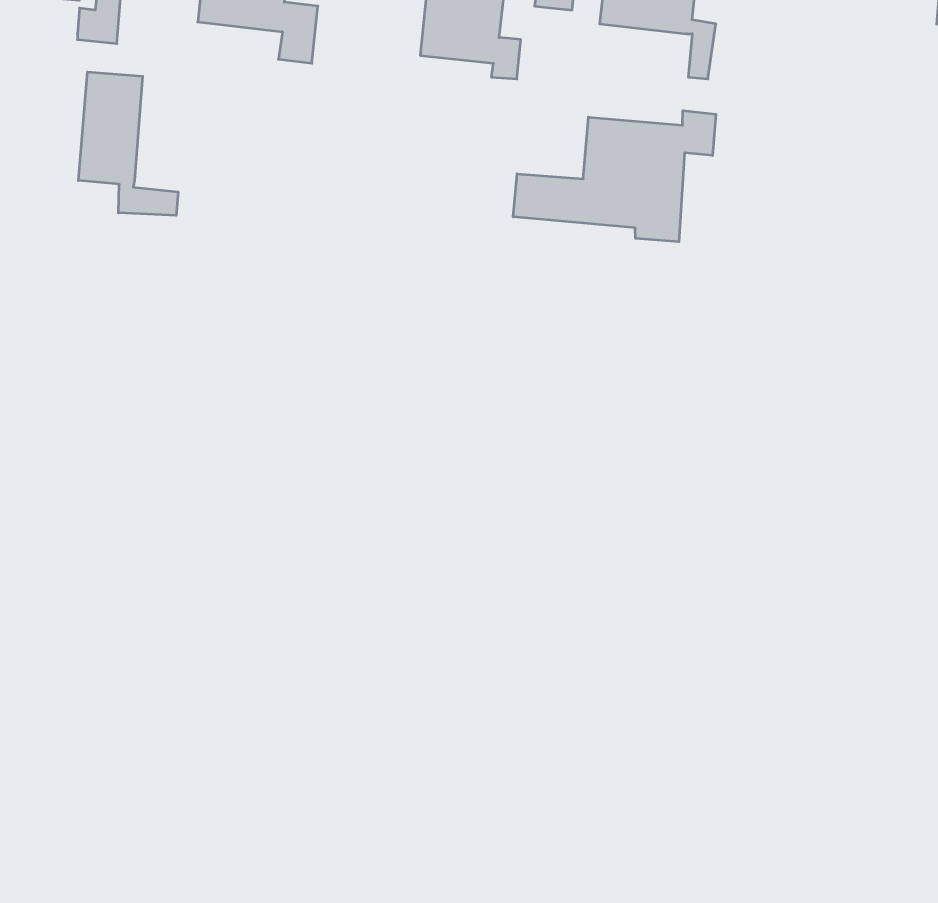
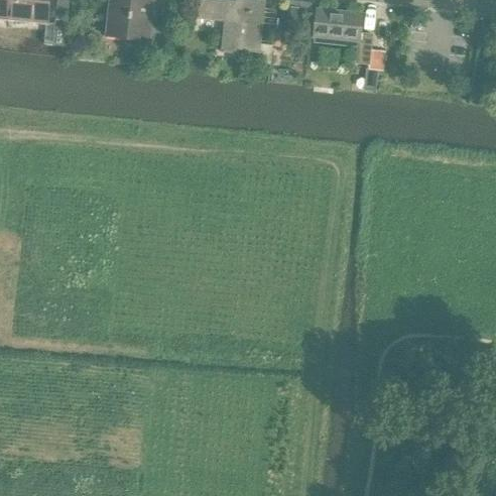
building: [78,72,178,215] -> none
building: [513,111,716,242] -> none

